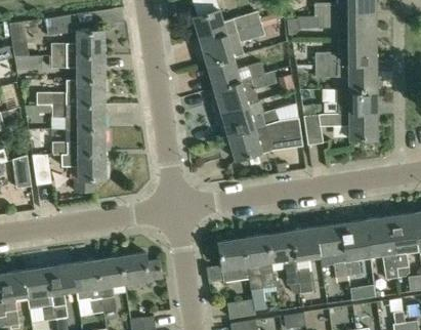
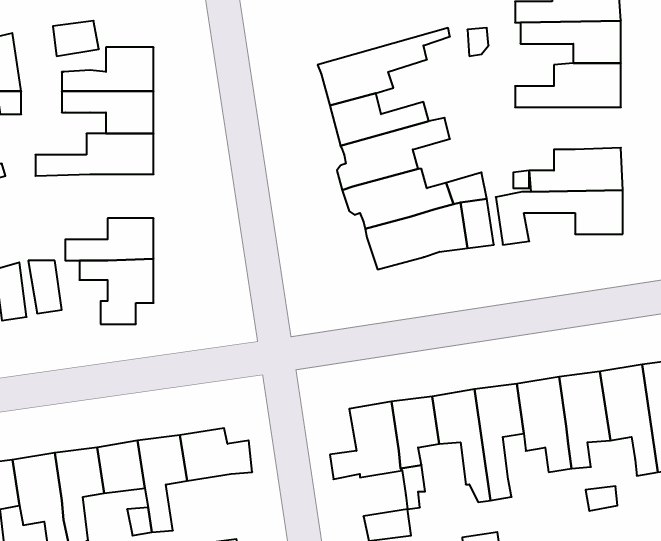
building: [193,9,284,41] -> none
building: [314,66,376,90] -> none
building: [36,105,104,130] -> none

